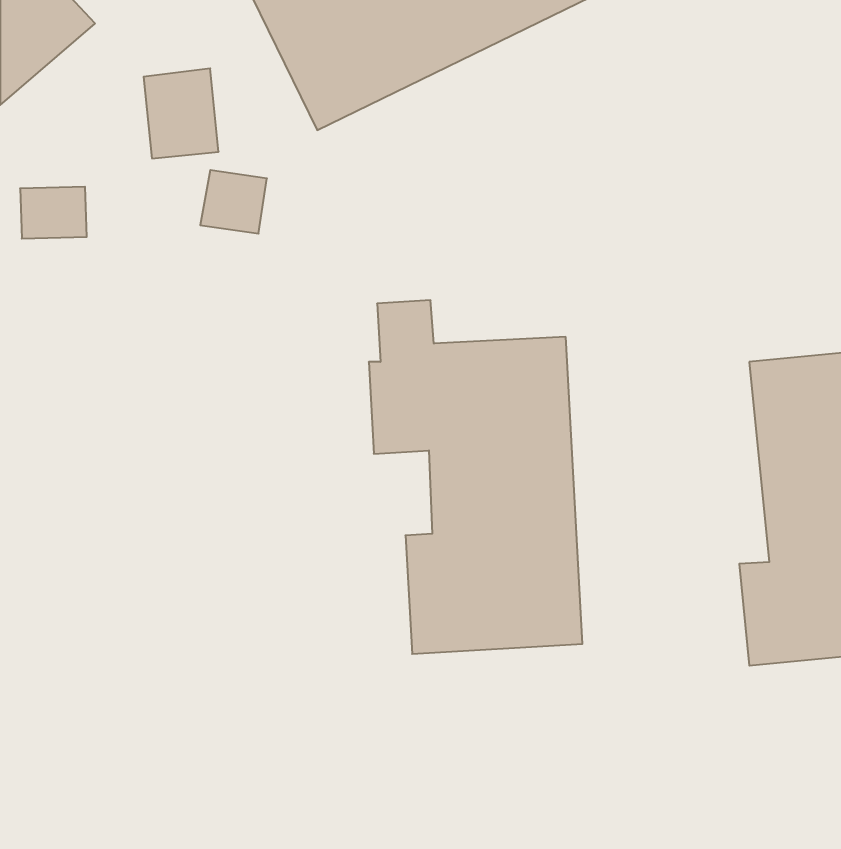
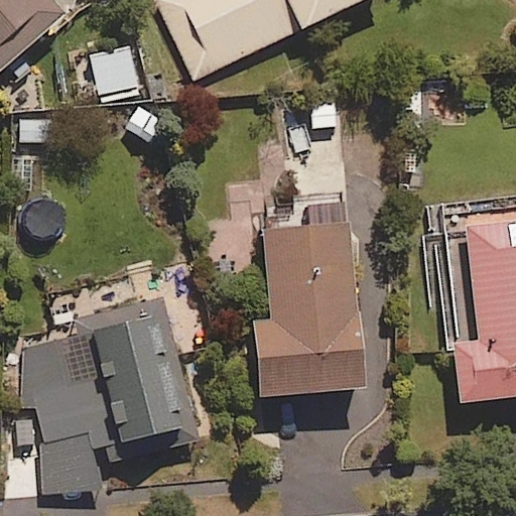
building: none -> [23,307,182,497]

